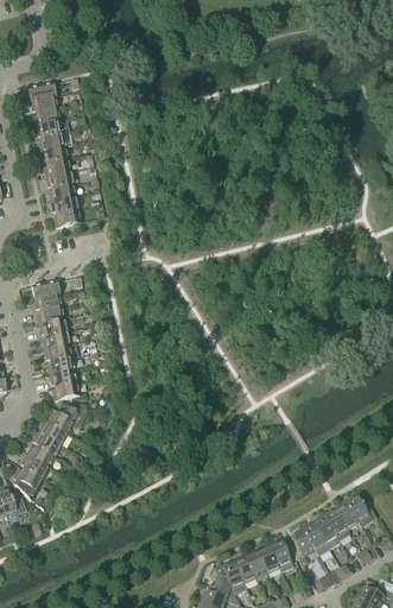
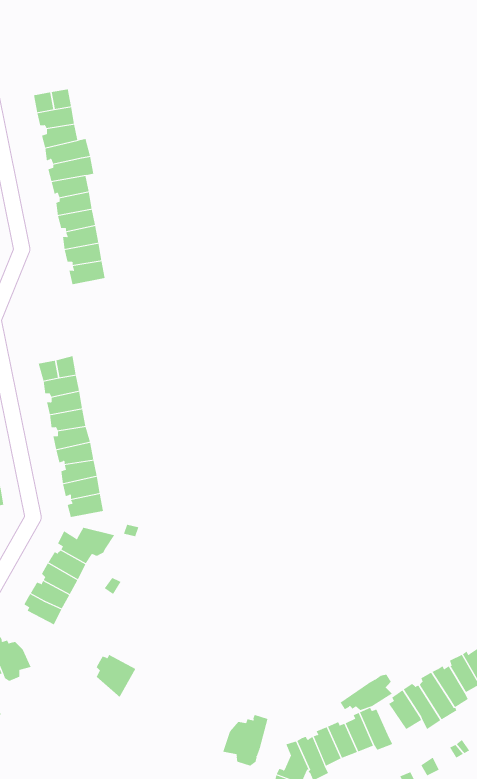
building: [12,469,42,501] -> [96,654,136,698]
building: none -> [340,674,393,711]
building: none -> [222,714,268,767]

